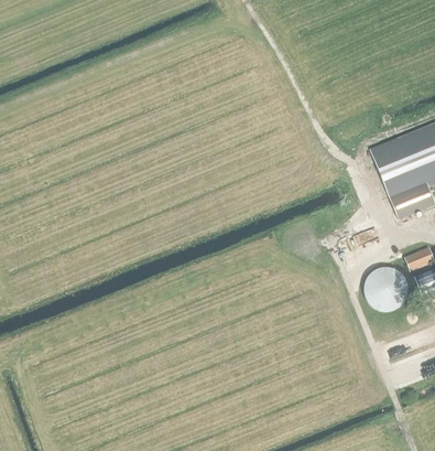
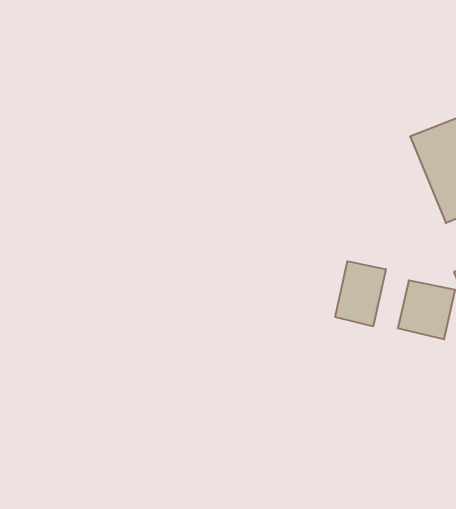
building: none -> [335,261,386,326]

